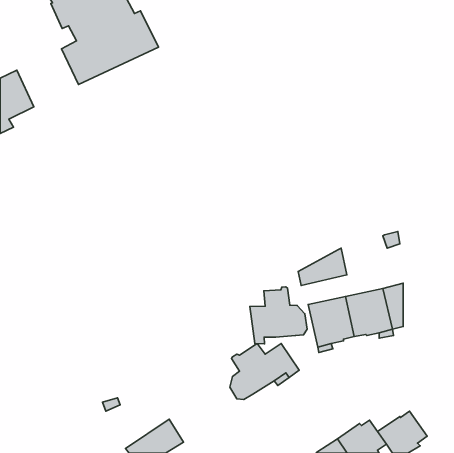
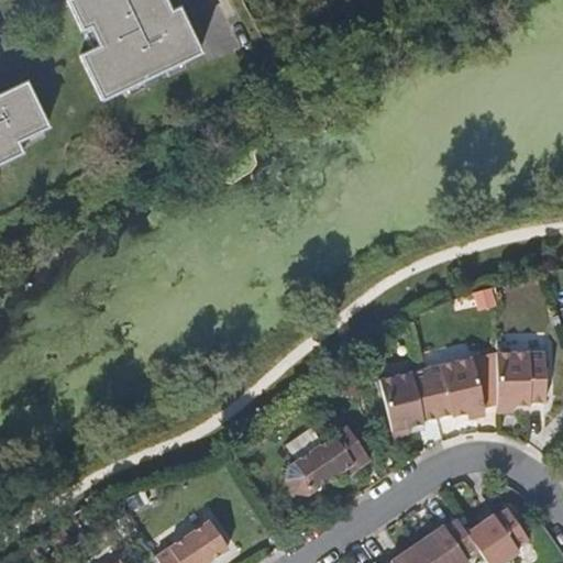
building: [298,248,347,285] -> none
building: none -> [499,353,547,407]
building: [250,287,307,344] -> none

